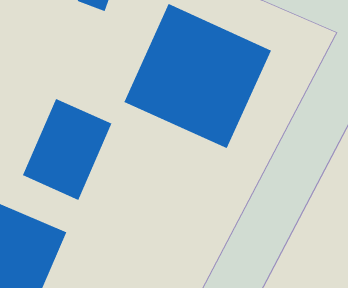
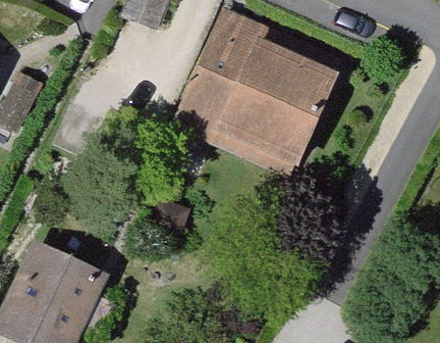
building: [22,98,112,201] -> none

